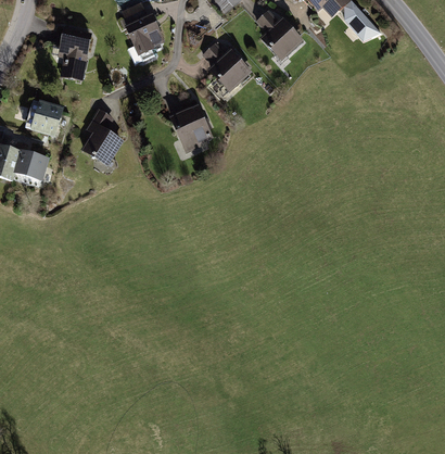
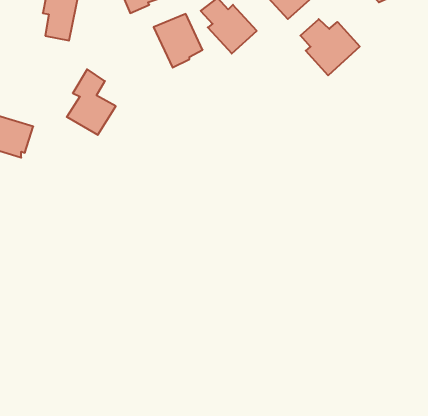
building: none -> [300,19,360,75]
building: [28,99,63,137] -> none
building: [168,103,213,152] -> [154,14,203,68]

